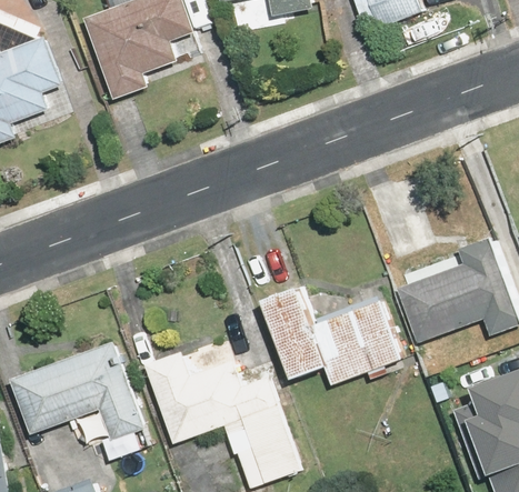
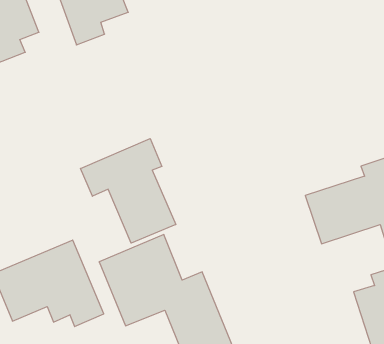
building: none -> [81,139,176,243]
building: [260,284,406,388] -> none

